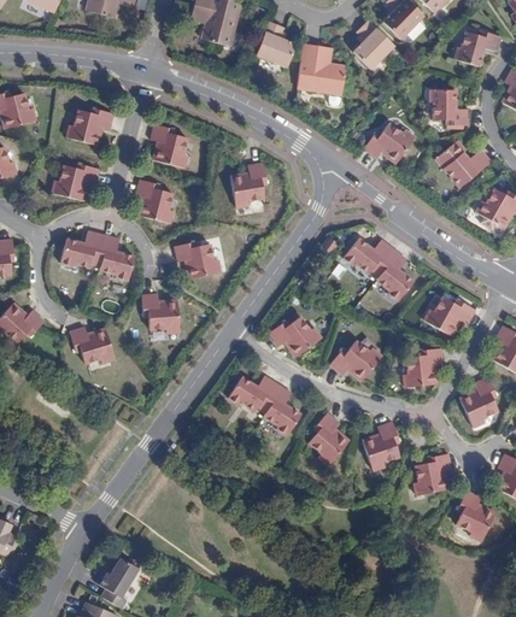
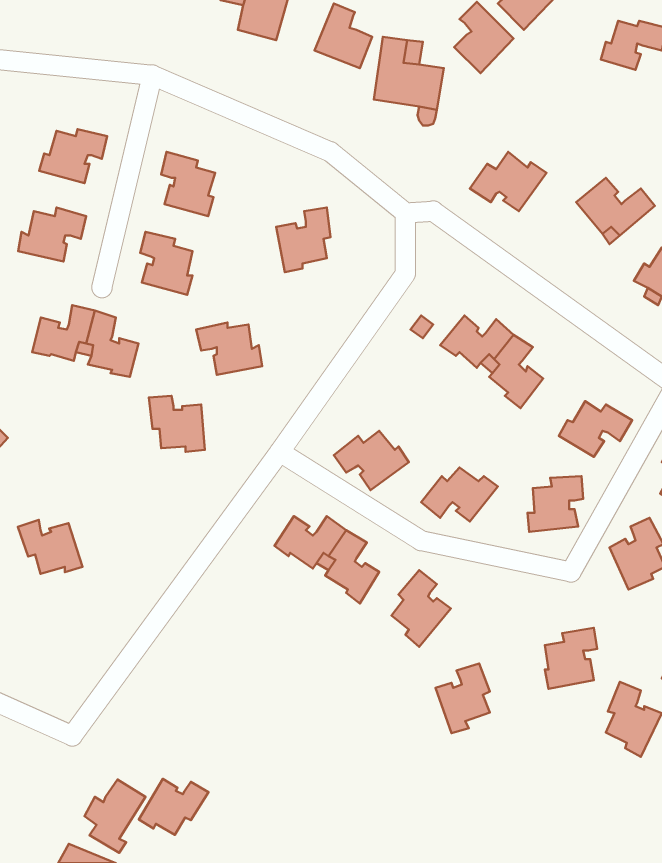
building: [429,90,468,124] -> none
building: [70,325,115,363] -> [18,520,82,574]
building: [363,421,400,469] -> [436,664,490,733]
building: none -> [139,779,208,835]

